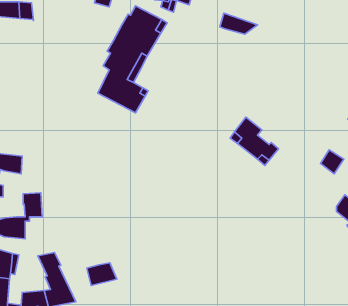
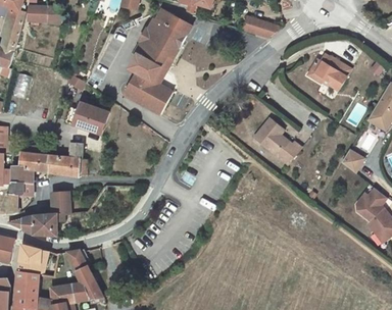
building: none -> [305,55,350,90]
building: none -> [65,103,108,135]
building: none -> [49,144,81,177]
building: [87,263,117,286] -> none

